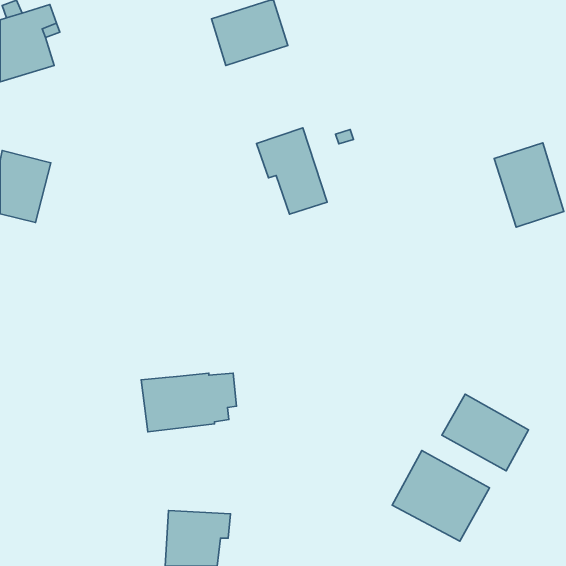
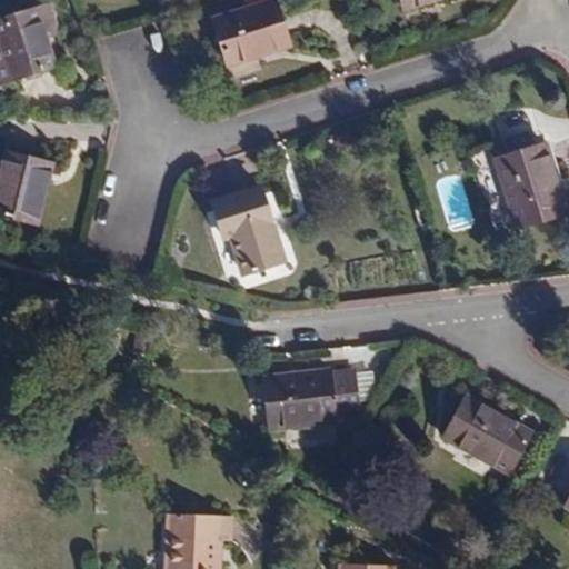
building: [256,128,327,214] -> [211,187,282,273]
building: [141,373,236,432] -> [262,369,358,428]
building: [392,450,490,541] -> none

